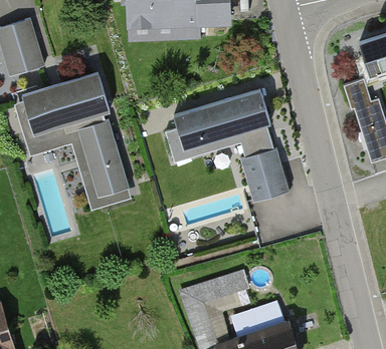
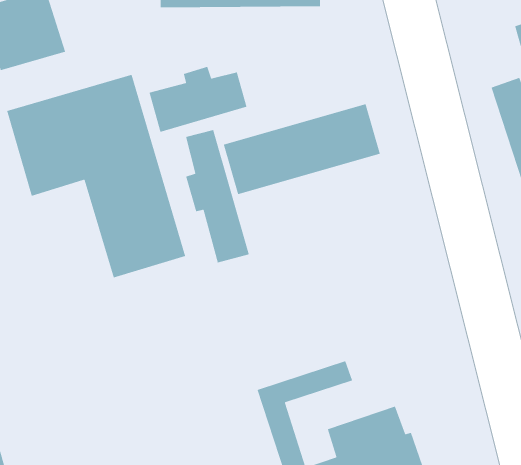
building: none -> [148,66,247,133]
building: none -> [185,129,250,263]
building: [240,144,287,198] -> none

